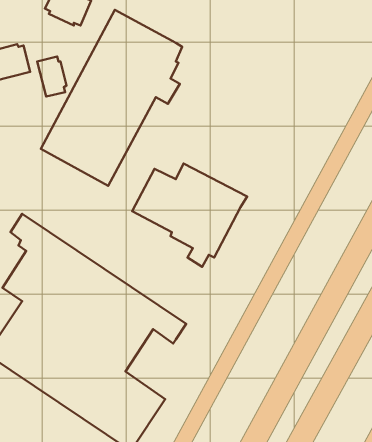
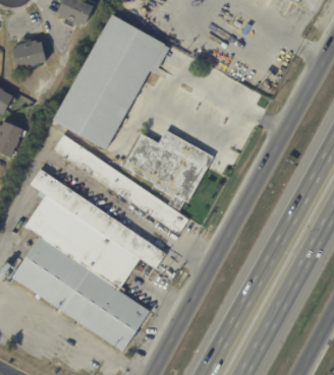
building: [37,57,66,97] -> none
building: none -> [51,134,187,234]

